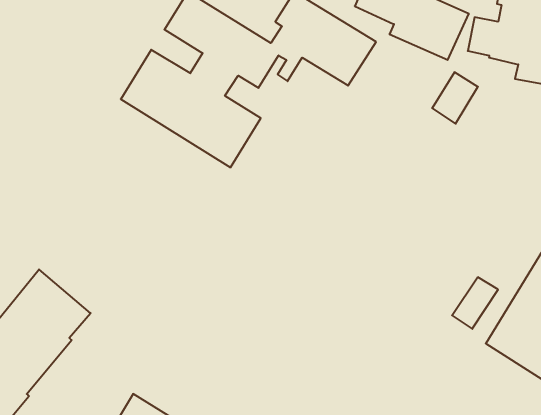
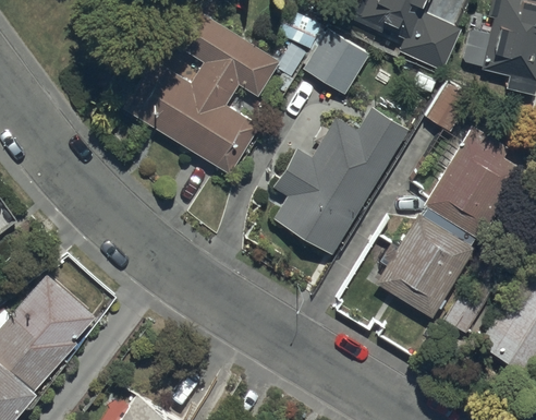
building: none -> [273,108,406,255]
building: none -> [375,127,522,320]

